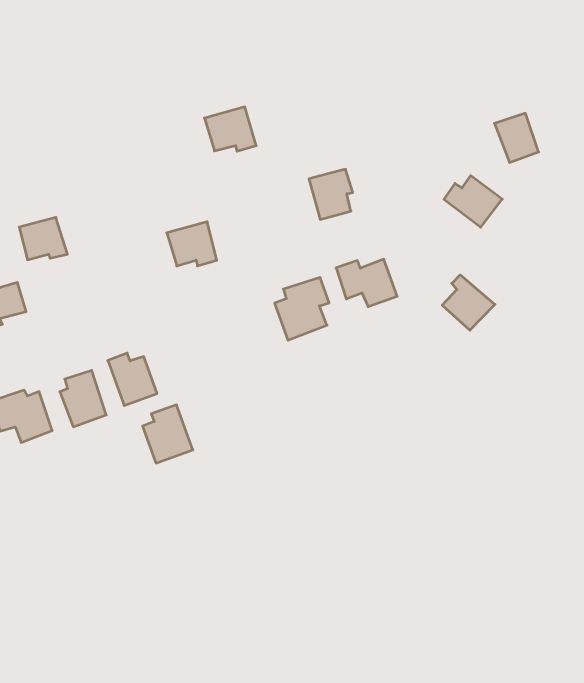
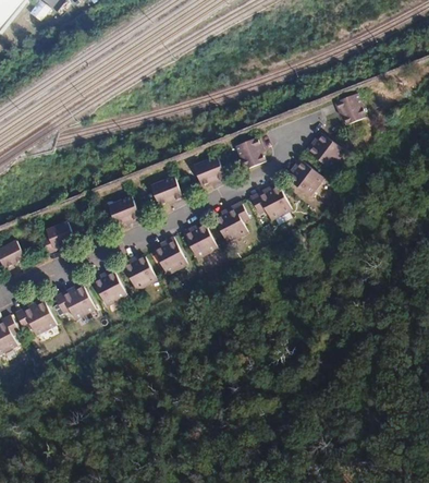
building: [204,107,256,151] -> [189,158,221,185]
building: [19,217,67,260] -> [110,197,139,224]
building: [442,275,495,330] -> [294,161,324,193]
building: none -> [184,228,214,259]
building: [143,405,193,463] -> [157,239,187,274]

